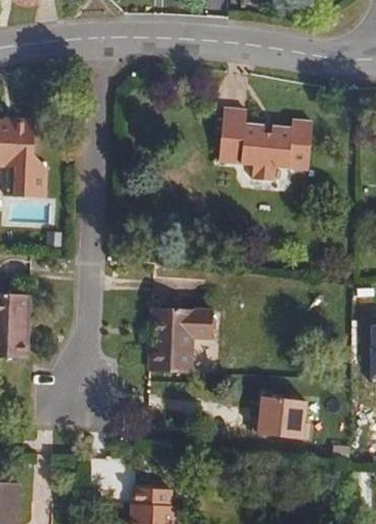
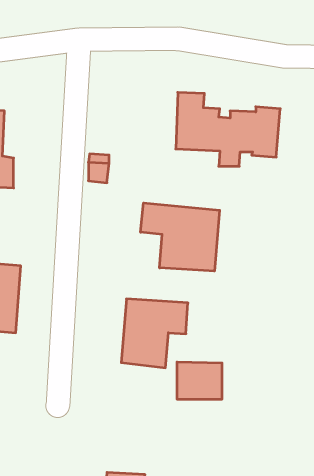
building: none -> [141,203,220,271]
building: [267,410,312,447] -> [177,362,222,399]

